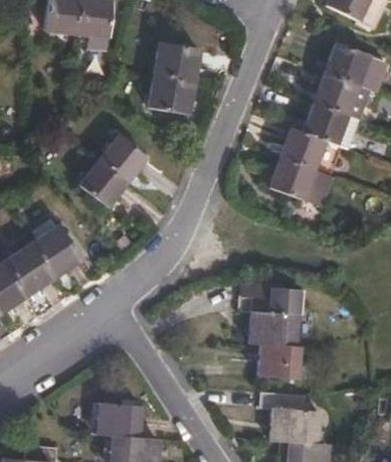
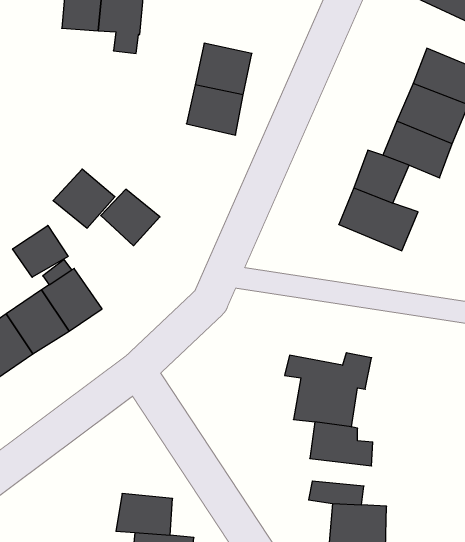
building: [103,134,152,181] -> [53,169,115,228]
building: none -> [13,225,68,277]

